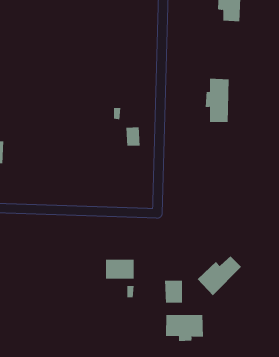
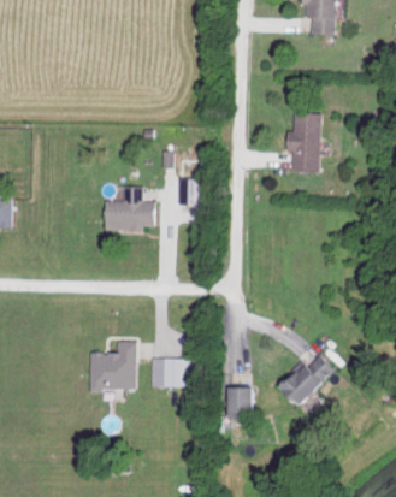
building: none -> [106,187,156,231]
building: none -> [89,342,136,391]
building: [166,314,203,342] -> none

